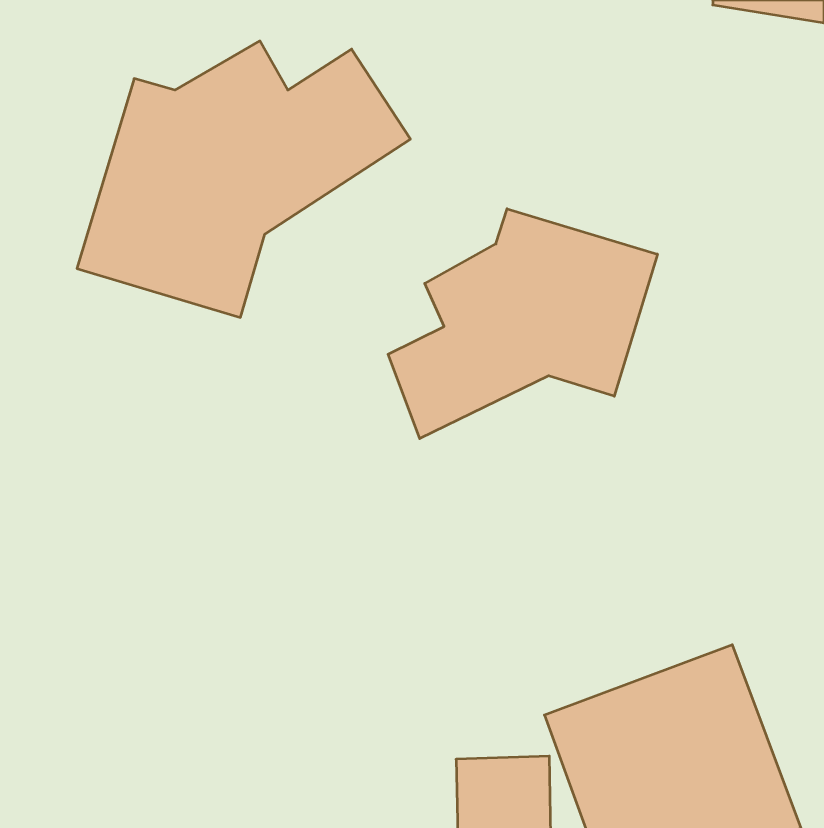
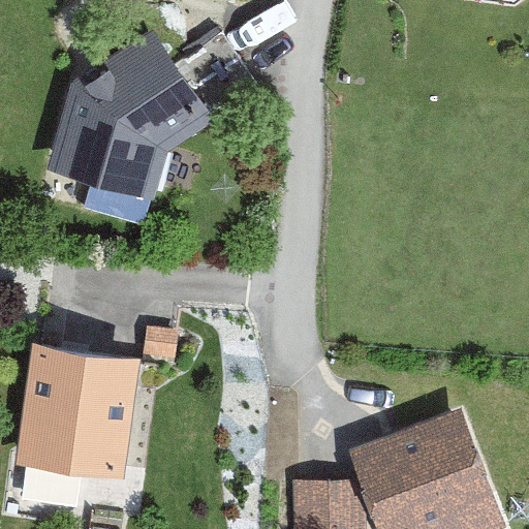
building: [388,209,657,439] -> none
building: none -> [18,347,135,479]

